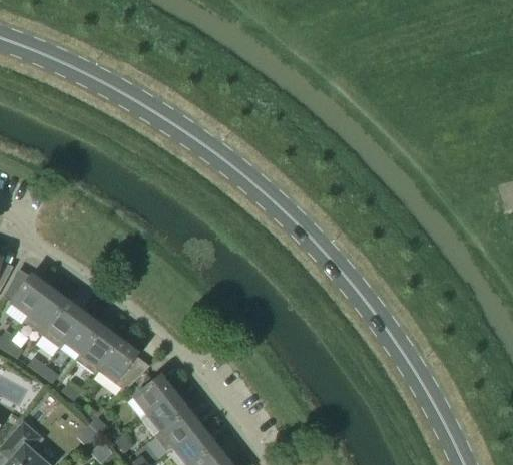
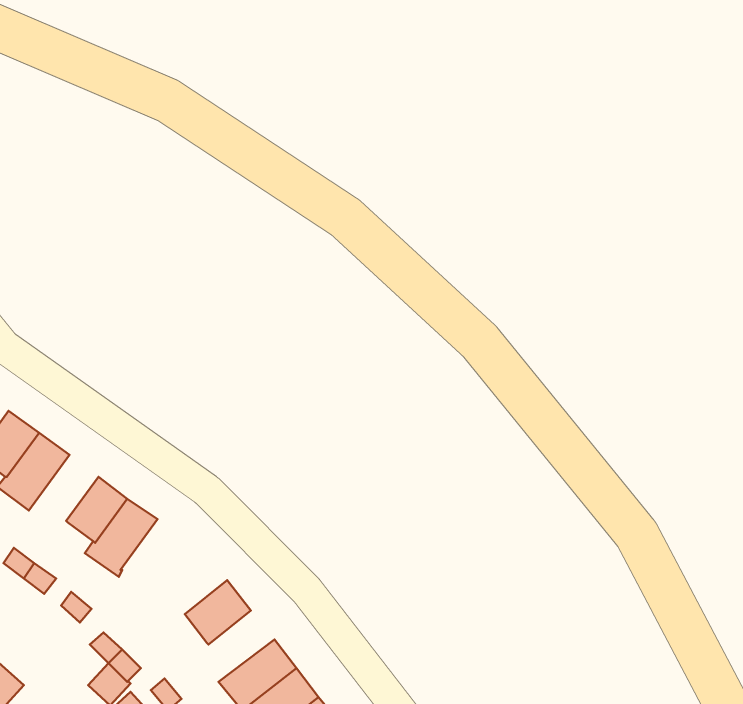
building: [43,301,84,347] -> none
building: [97,339,145,389] -> none
building: [142,393,188,435] -> none

